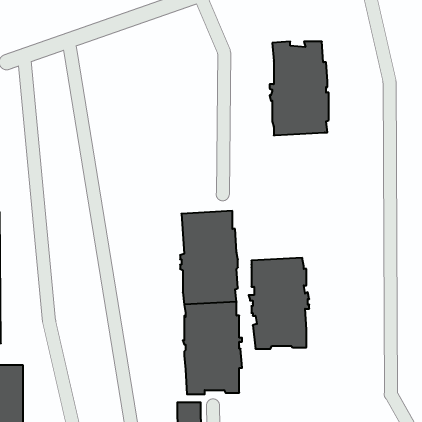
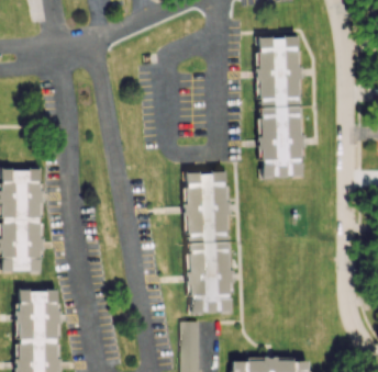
building: [249,258,309,349] -> [256,106,304,179]

